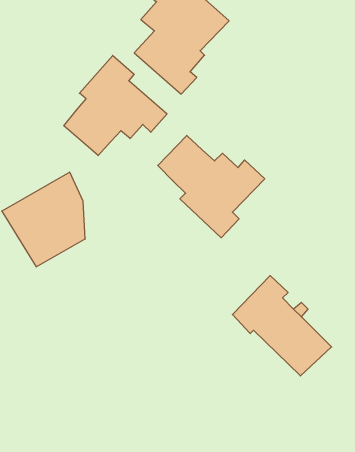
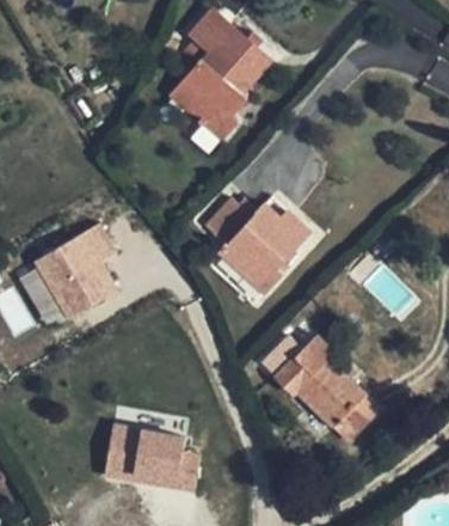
building: [64,55,167,156] -> none
building: none -> [107,423,201,491]

